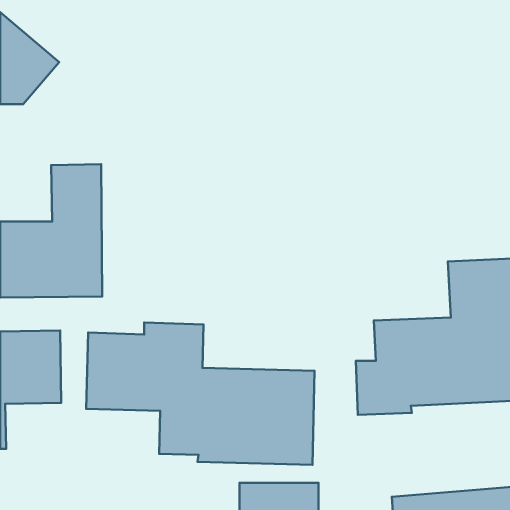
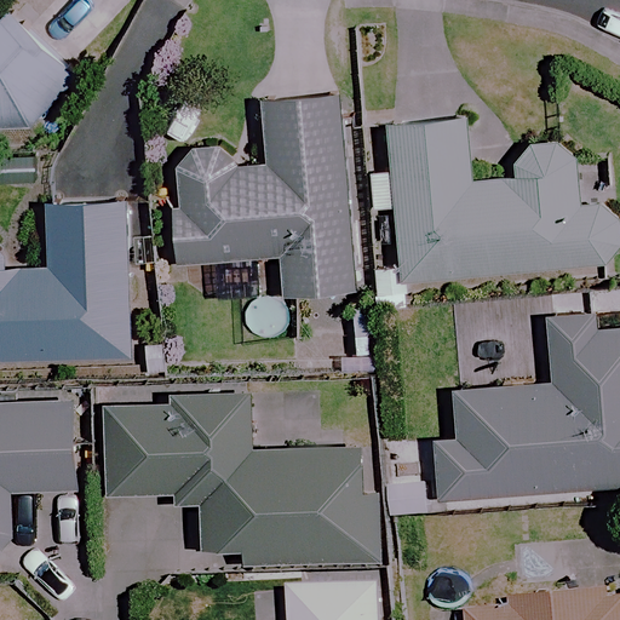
building: none -> [165,97,350,295]
building: none -> [386,111,614,283]

